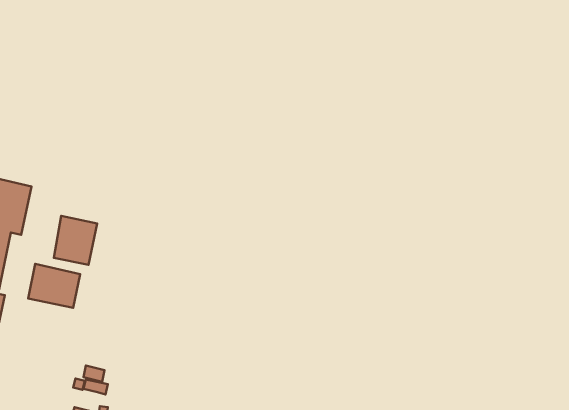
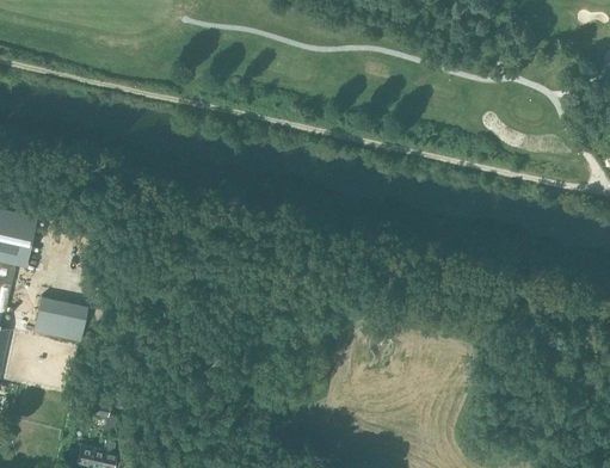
building: [54,216,97,265] -> none

